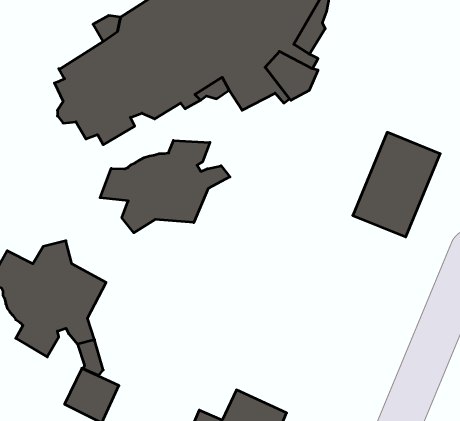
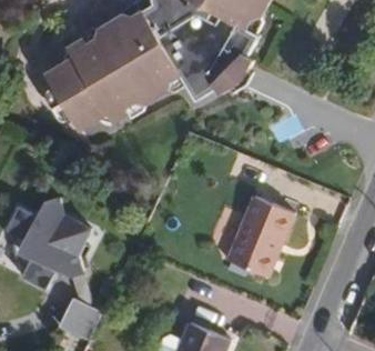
building: [353,132,440,237] -> [227,193,295,274]
building: [100,140,230,233] -> none

